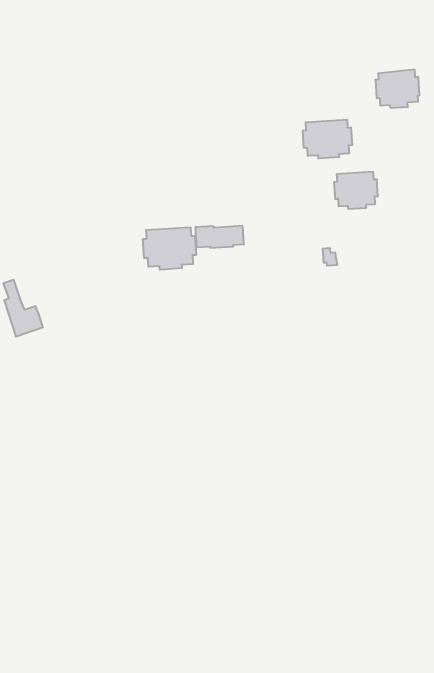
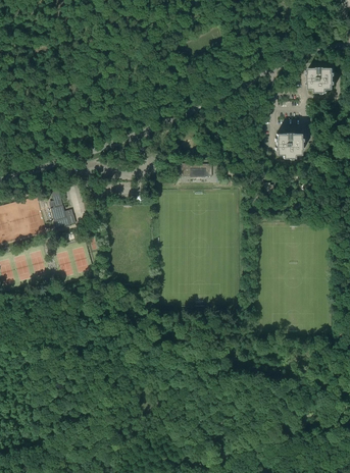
building: [303,120,352,159] -> none
building: [143,227,196,270] -> none

